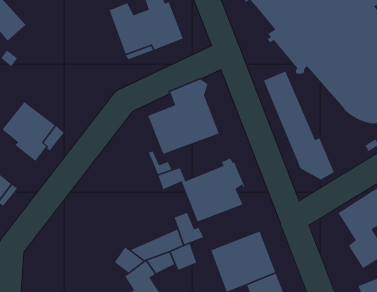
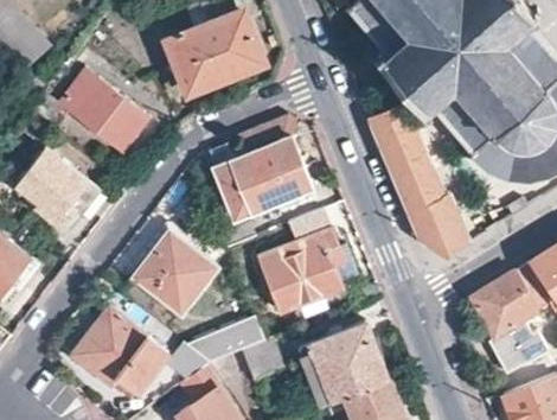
building: none -> [30,70,148,153]
building: none -> [135,233,217,313]
building: none -> [75,310,169,400]

